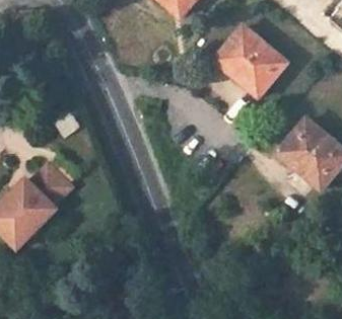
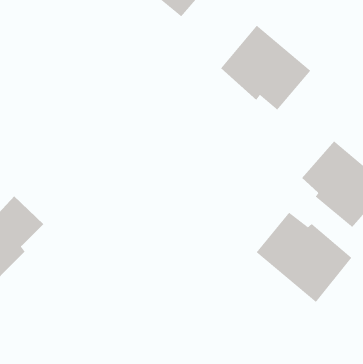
building: none -> [256,212,352,303]

